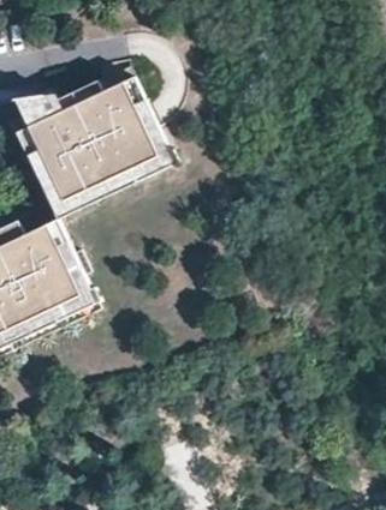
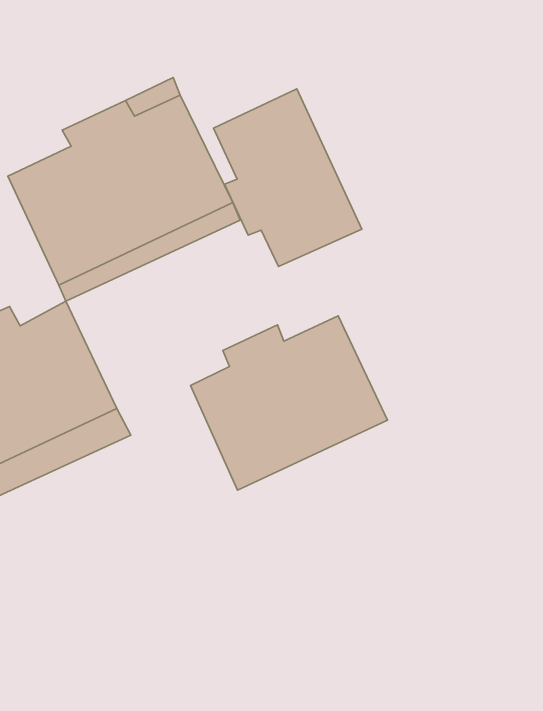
building: none -> [214,89,362,267]
building: none -> [190,316,388,490]

